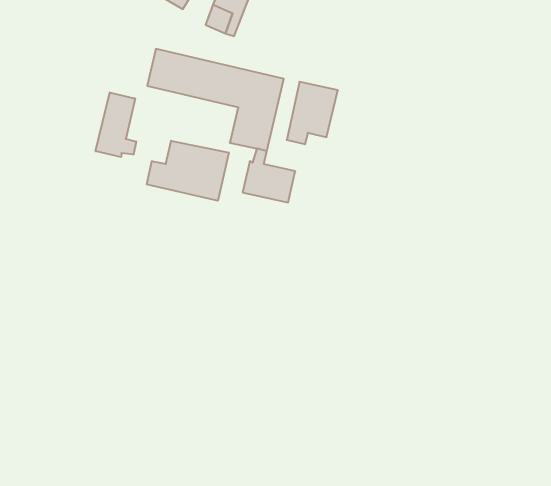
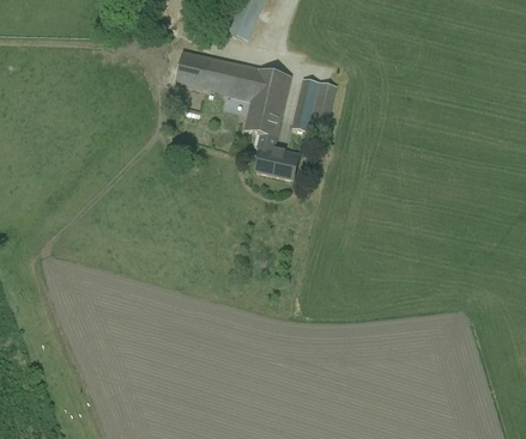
building: [96,92,136,157] -> none
building: [147,141,229,201] -> none

